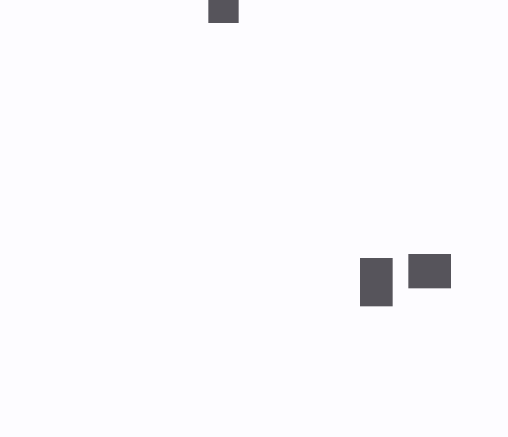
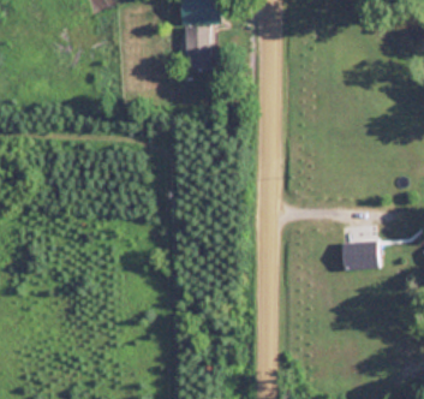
building: [359,257,393,307] -> none

